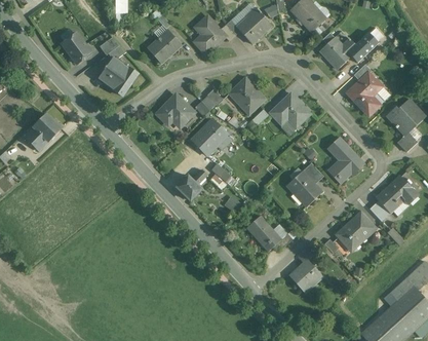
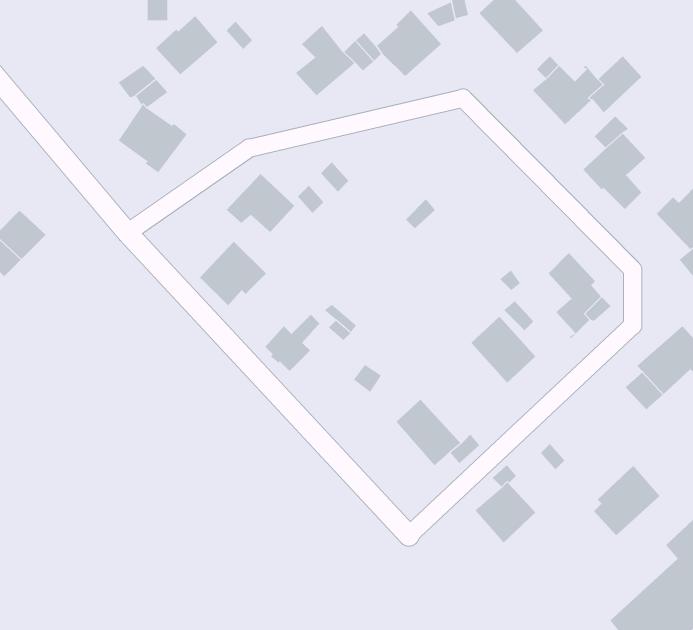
building: [147,31,181,63] -> [155,15,219,75]
building: [62,33,90,63] -> none
building: [228,78,264,114] -> none
building: [269,92,310,127] -> none
building: [192,119,228,154] -> [199,241,267,306]
building: [338,212,374,250] -> [593,465,661,536]

